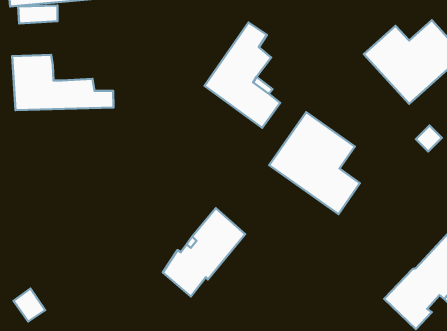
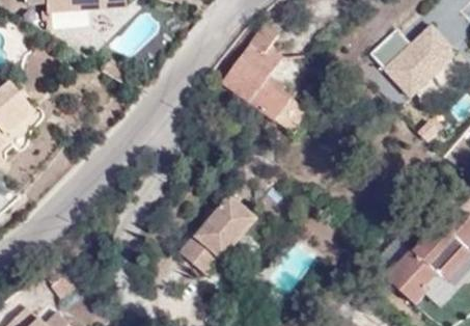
building: [12,55,114,110] -> none
building: [269,112,360,214] -> none

